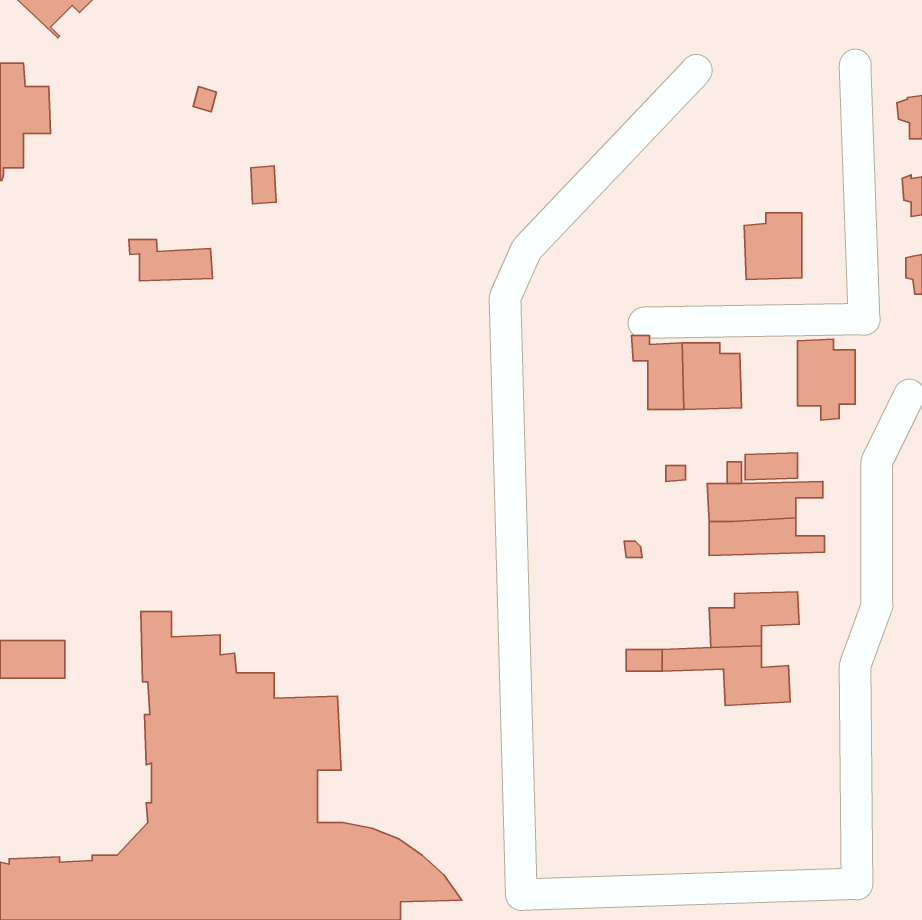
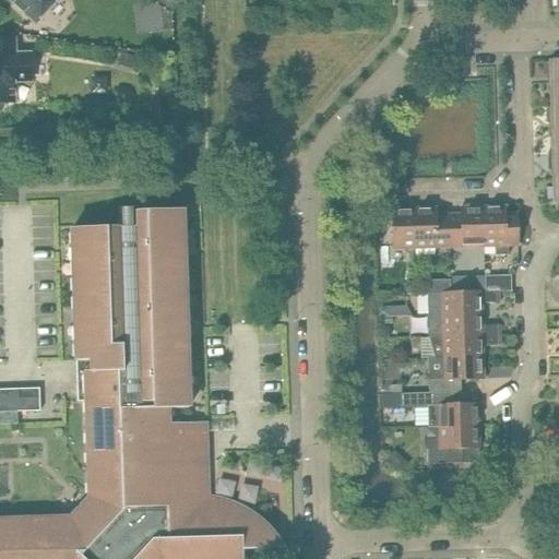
building: [744,213,802,280] -> [448,206,483,247]
building: [129,240,213,281] -> none
building: none -> [72,207,189,407]
building: none -> [429,334,500,359]
building: none -> [424,425,479,463]

